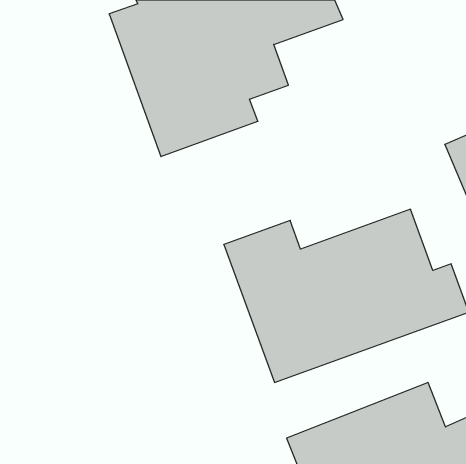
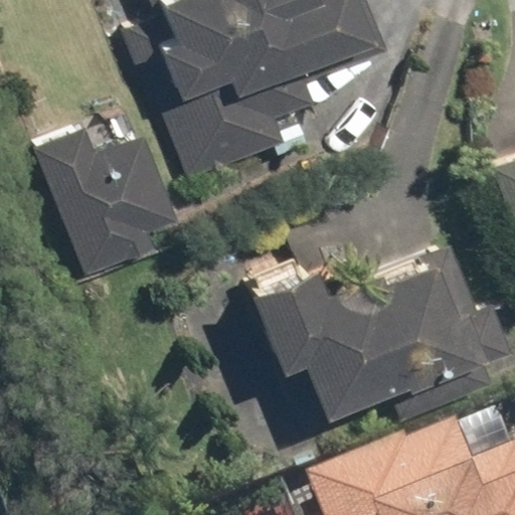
building: none -> [35,109,187,275]

